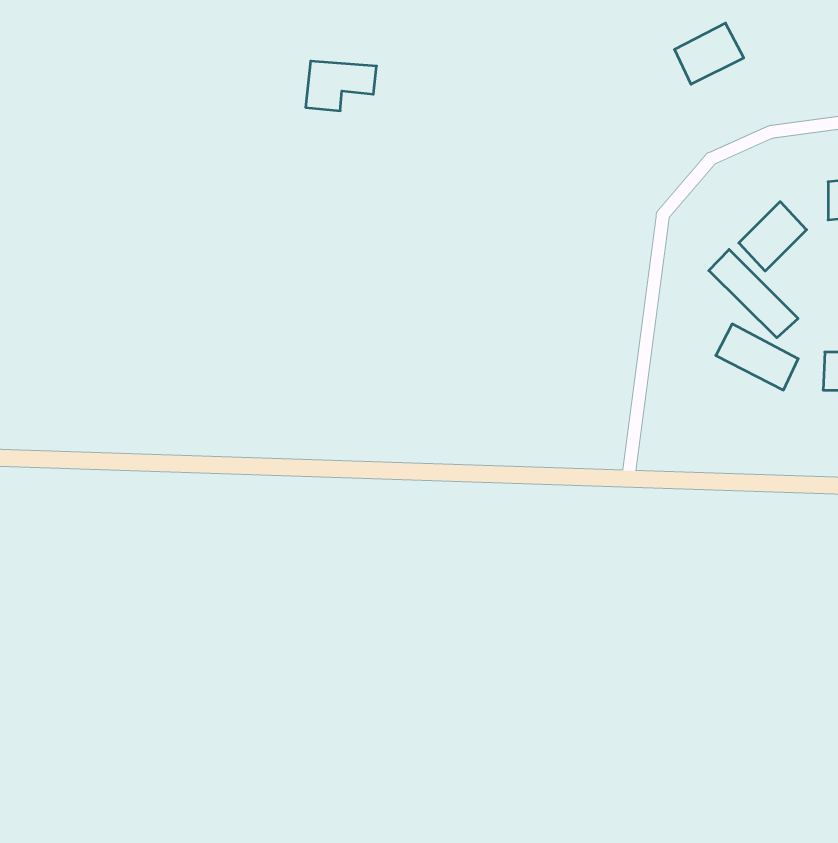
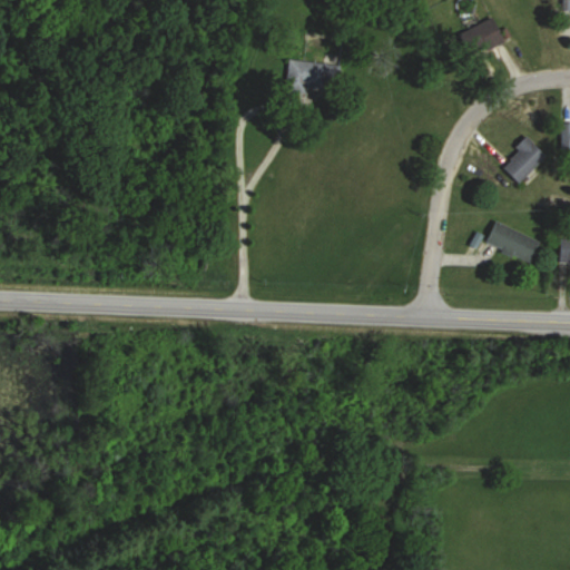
building: [306,61,377,111] -> [285,60,333,94]
building: [709,249,798,338] -> none

